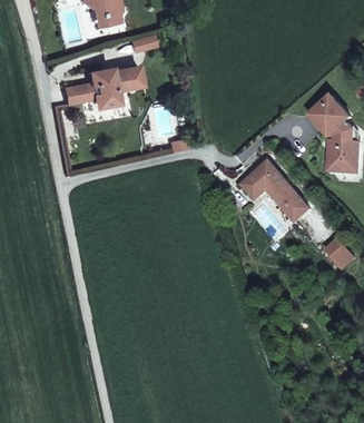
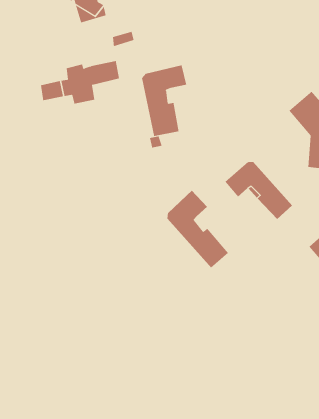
building: none -> [141,65,187,137]
building: none -> [167,190,229,268]

